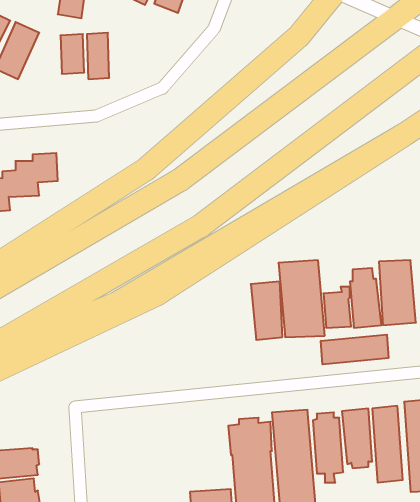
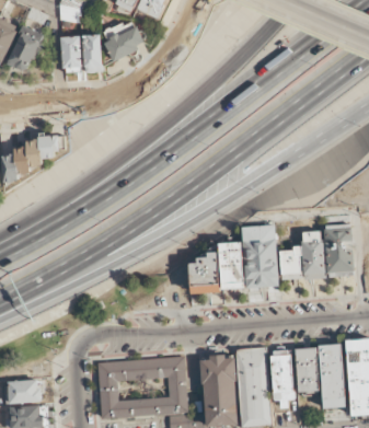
building: none -> [104,22,143,58]
building: none -> [189,251,221,293]
building: [321,335,388,364] -> none
building: none -> [97,356,188,418]

